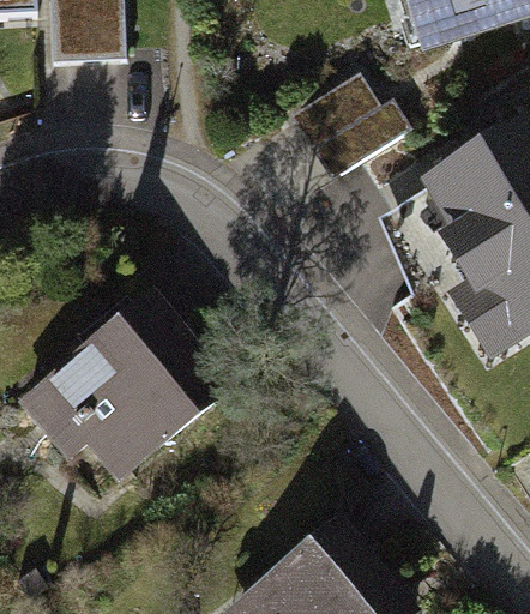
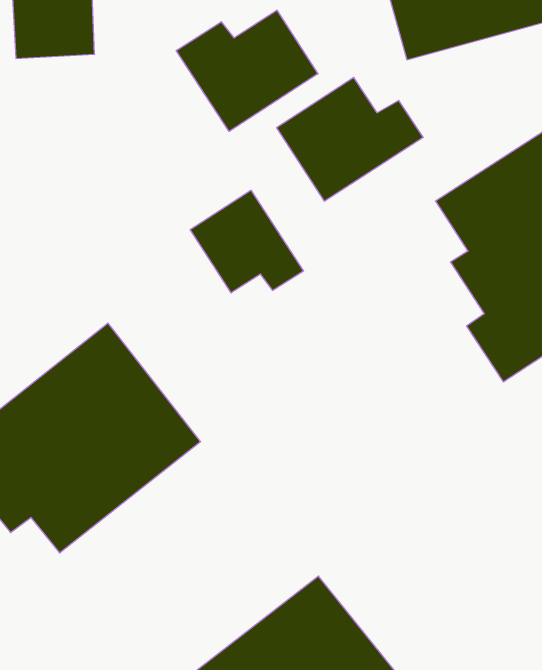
building: none -> [176,10,318,131]
building: none -> [190,190,304,293]

